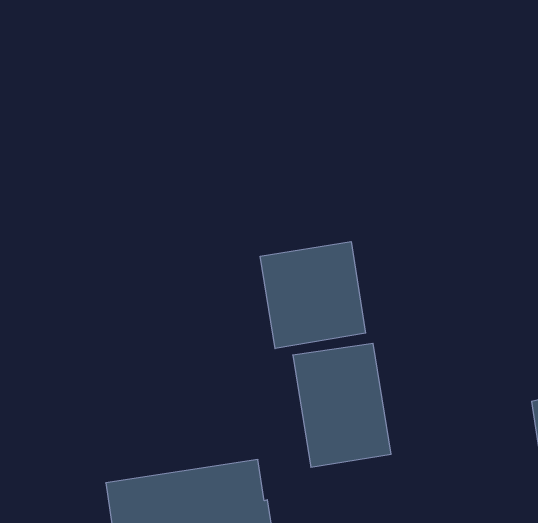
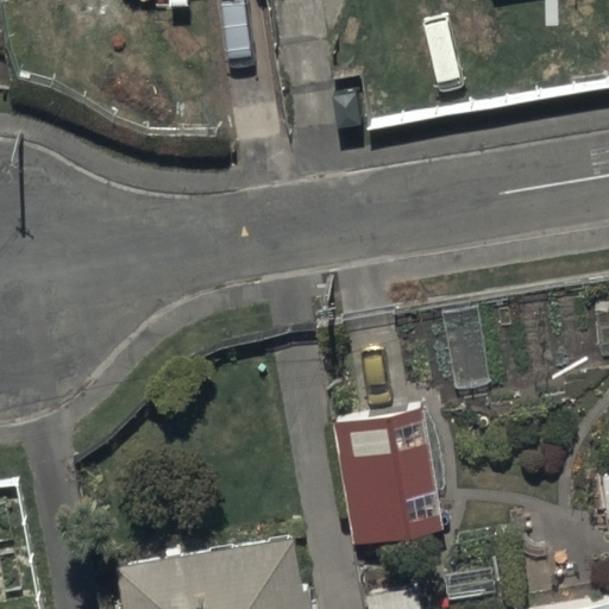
building: [260,242,366,349] -> none

